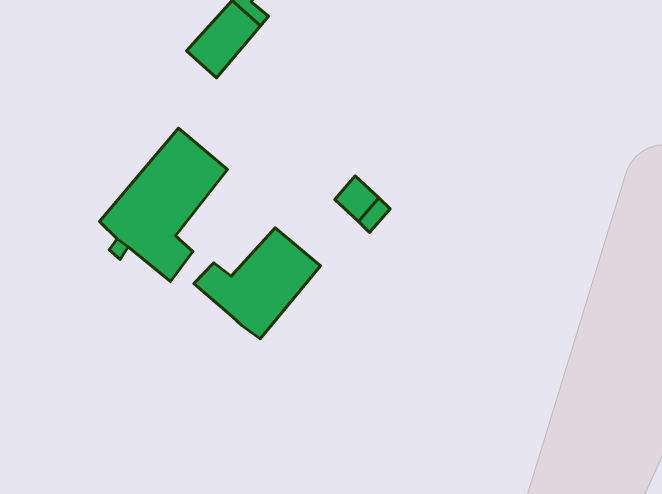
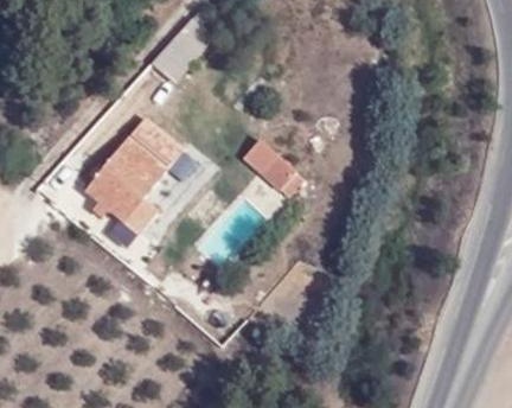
building: [194,228,321,339] -> none

